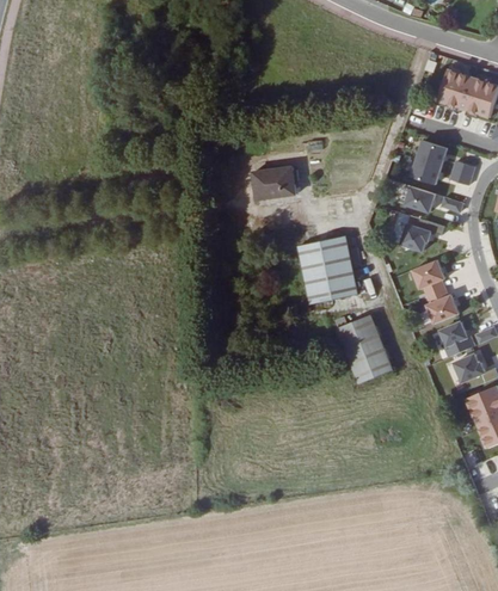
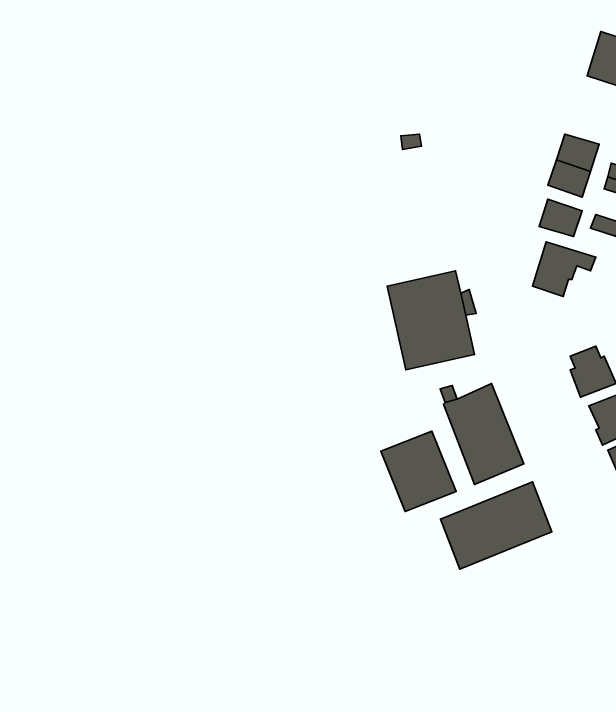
building: [253,166,299,199] -> none
building: [411,259,443,295] -> none
building: none -> [381,431,456,512]
building: none -> [441,482,552,569]

